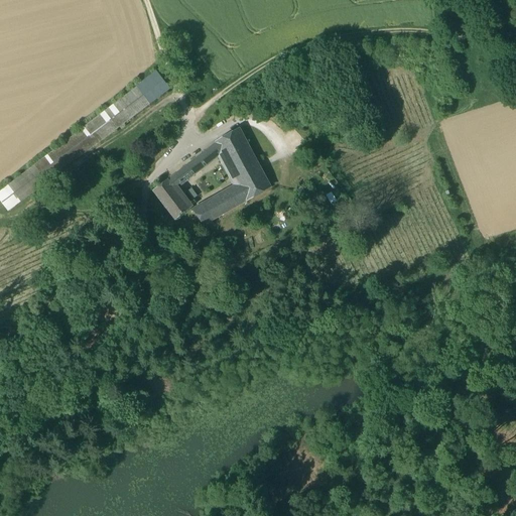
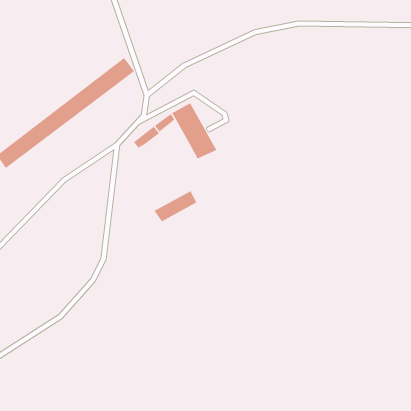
building: [151,177,187,218] -> none
building: [191,183,246,223] -> [154,191,197,222]

